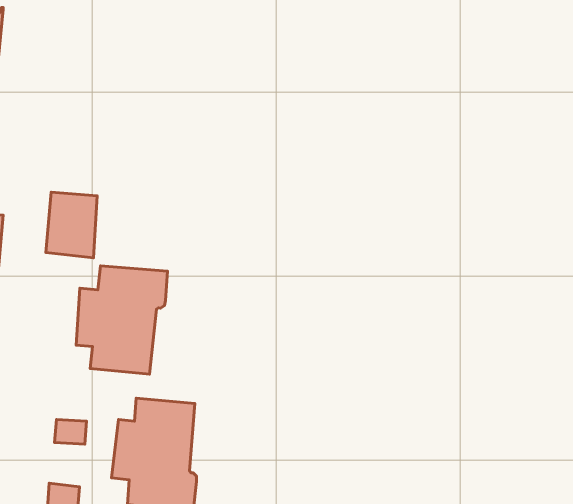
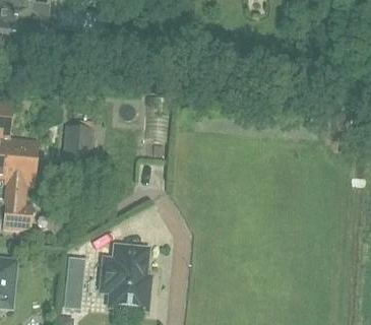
building: [76,266,167,374] -> none

